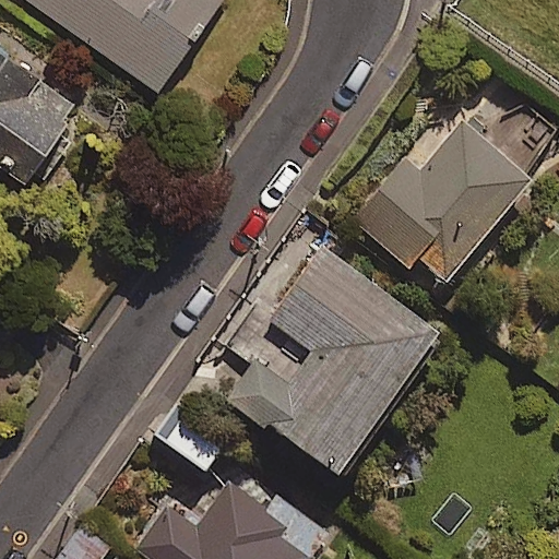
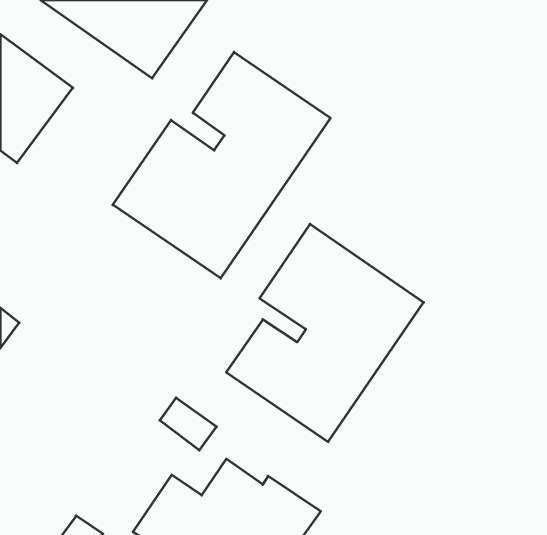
building: none -> [113,52,330,278]
building: [353,126,528,284] -> none

